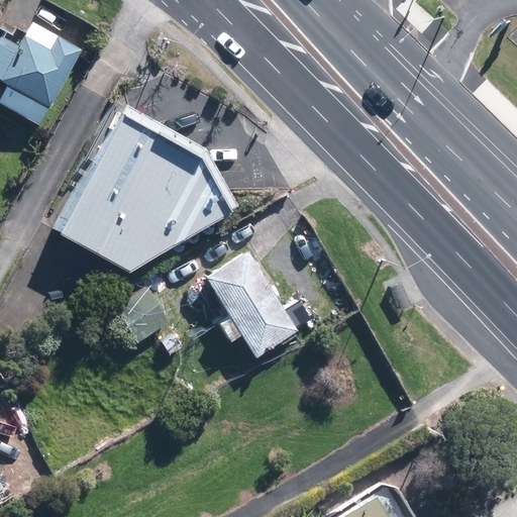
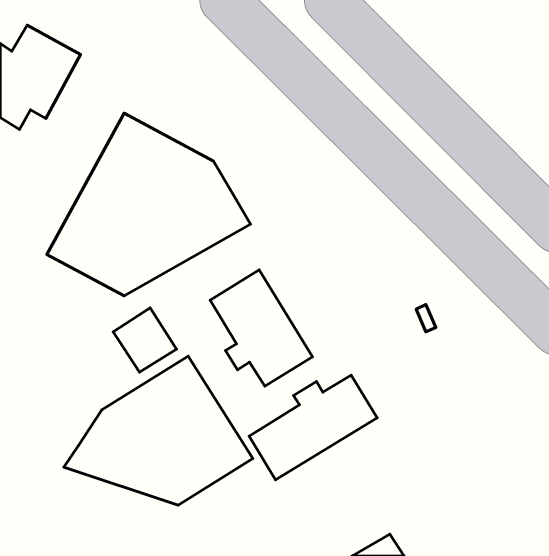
building: none -> [64,356,253,505]
building: none -> [249,375,377,480]

